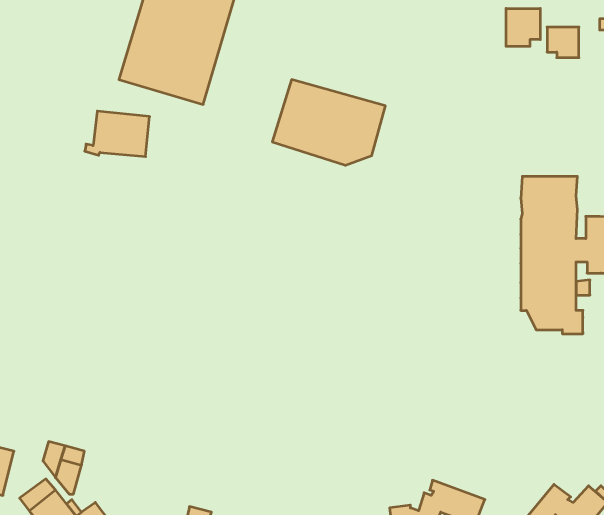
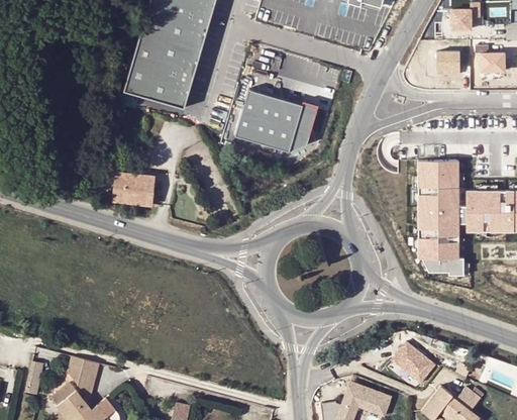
building: [506,8,540,46] -> none
building: [85,111,150,157] -> [107,174,154,207]
building: none -> [392,341,435,383]

